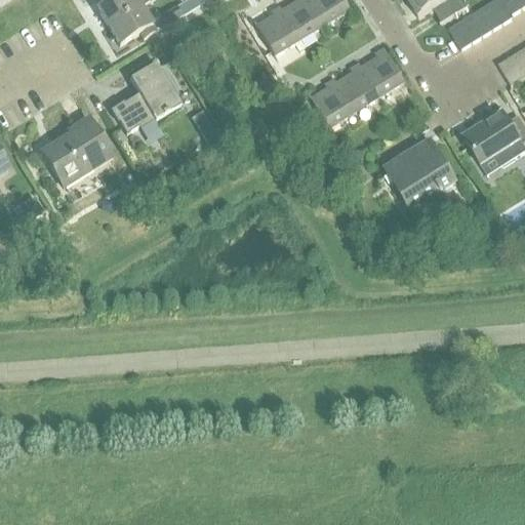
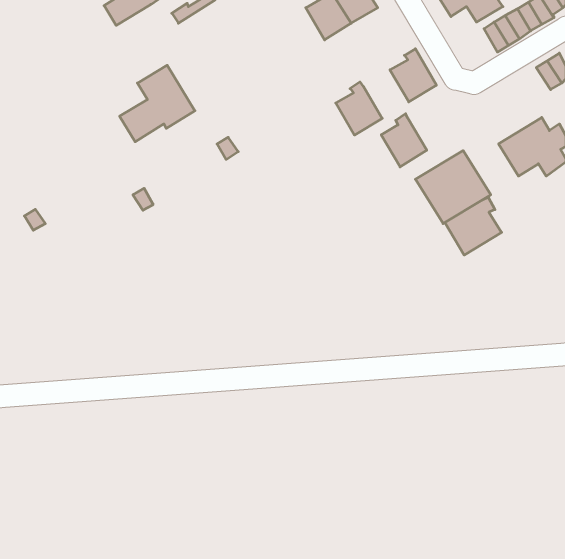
building: [109,4,155,42] -> none
building: [257,4,301,53] -> none
building: [337,60,379,110] -> [381,114,427,167]
building: [42,117,112,185] -> none
building: none -> [445,197,502,255]

